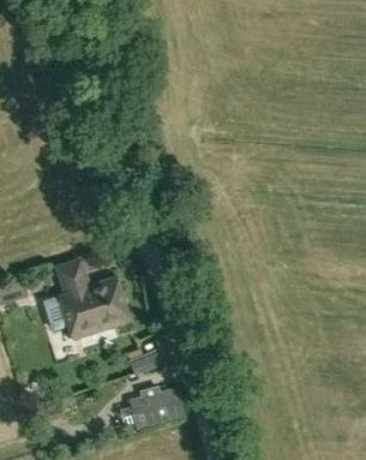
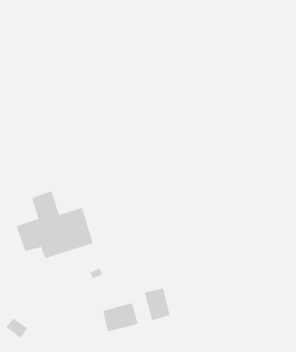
building: none -> [144,287,171,321]

